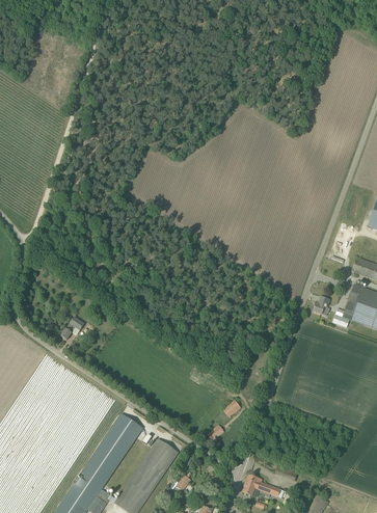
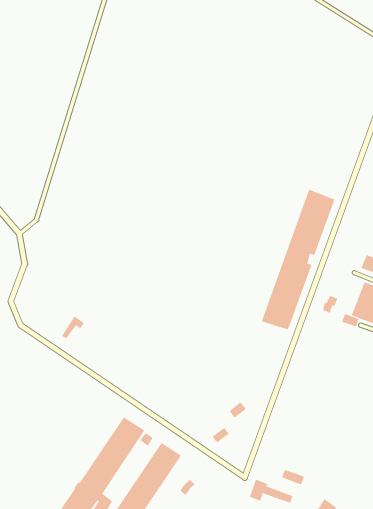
building: none -> [261,189,335,330]

